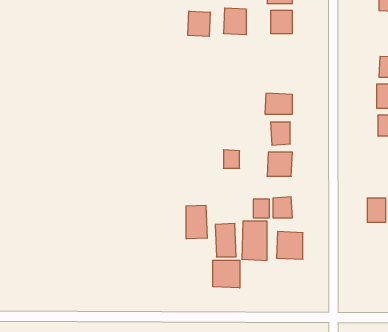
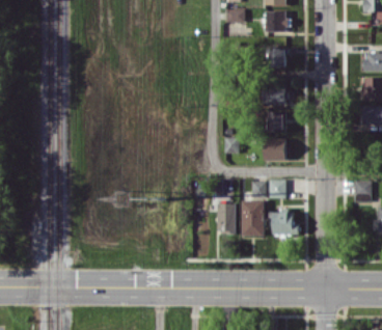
building: [188,11,210,36] -> none
building: none -> [267,48,289,67]
building: [186,205,207,239] -> none
building: [213,260,240,288] -> none

